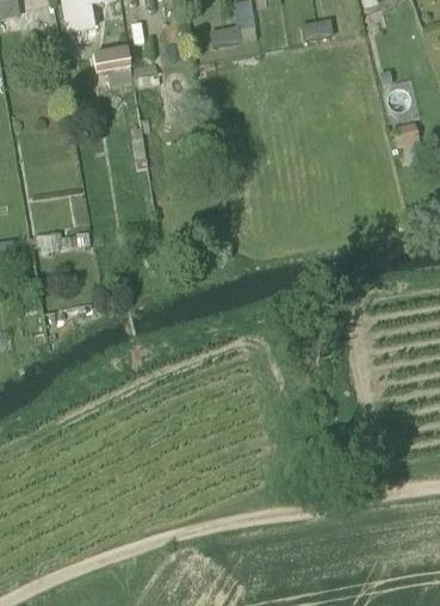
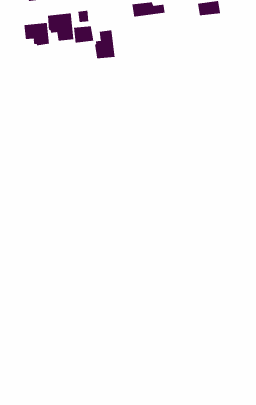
building: none -> [24,22,49,46]
building: none -> [94,29,115,59]

